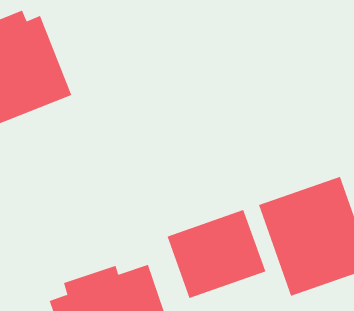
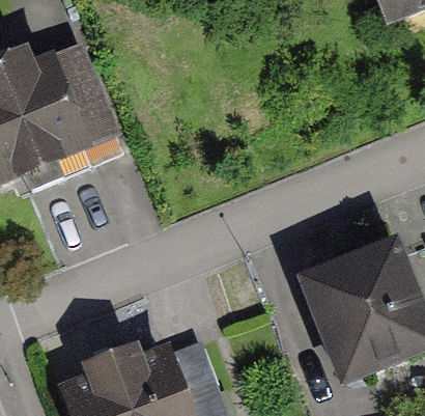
building: [167,209,266,299] -> none

